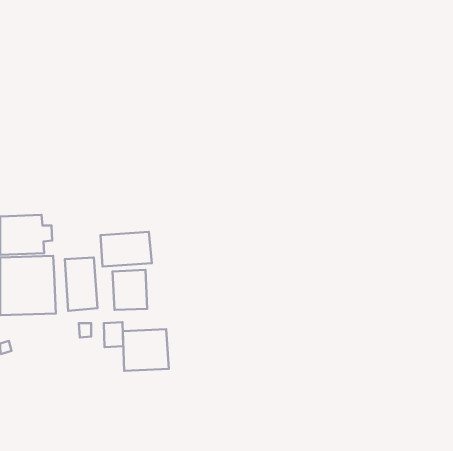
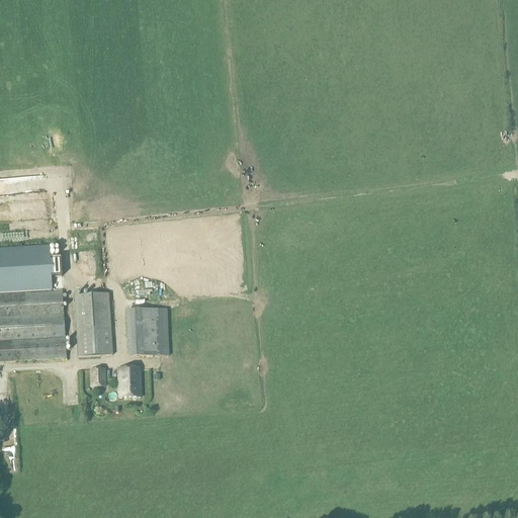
building: [101,232,152,266] -> none
building: [123,329,169,371] -> none

